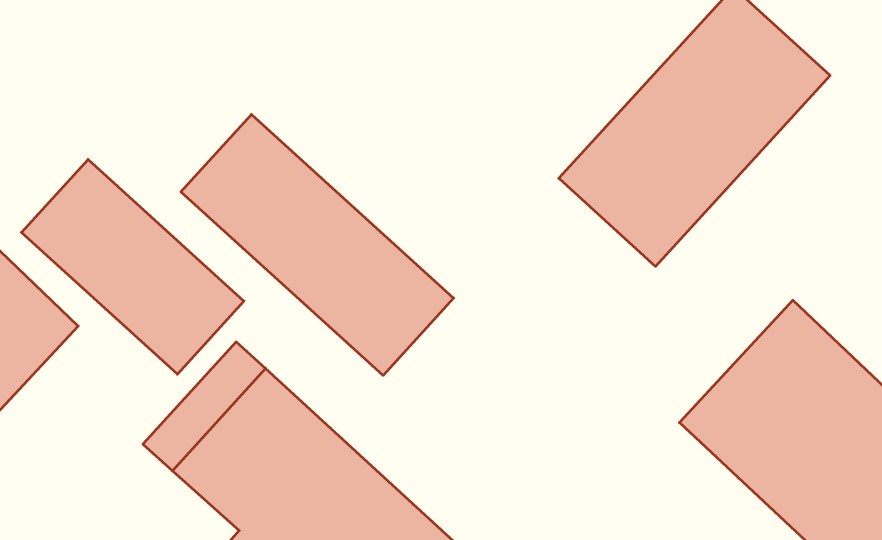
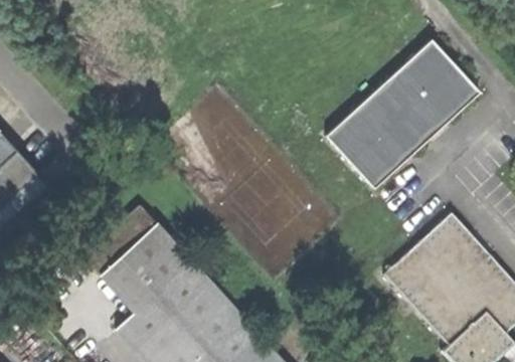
building: [181,114,454,375] -> none
building: [21,159,244,374] -> none

